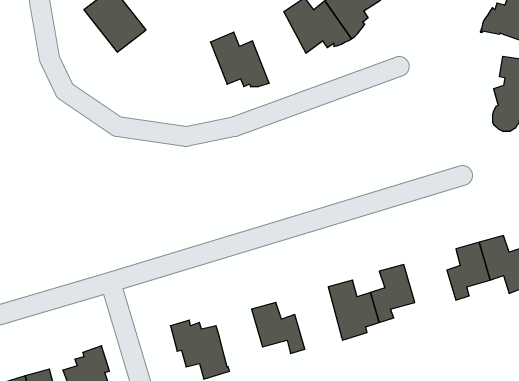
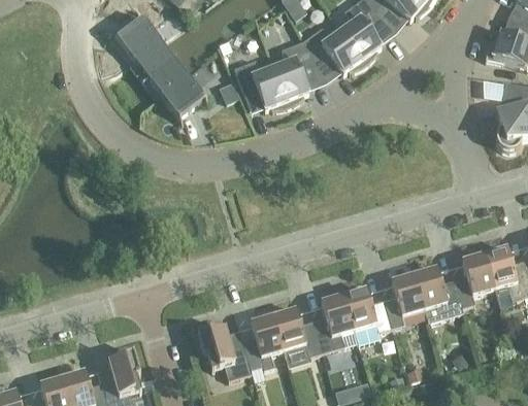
building: none -> [273,40,323,106]
building: none -> [147,57,204,116]
building: none -> [414,268,463,323]
building: none -> [312,295,356,352]
building: none -> [242,315,283,369]

